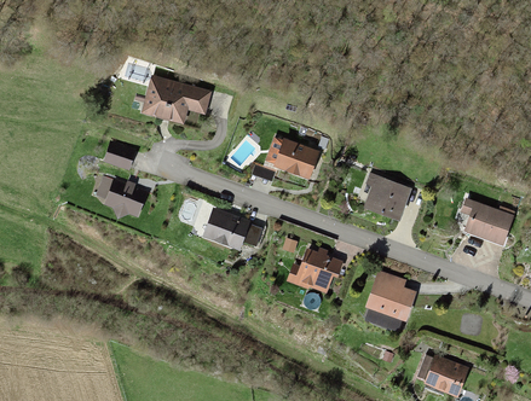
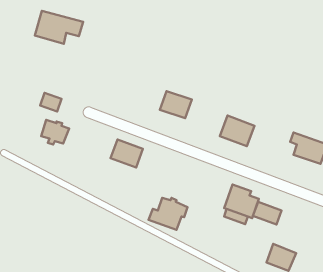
building: [140,76,209,123] -> [35,11,83,44]
building: [285,249,341,295] -> [149,198,188,230]
building: none -> [253,202,282,224]

